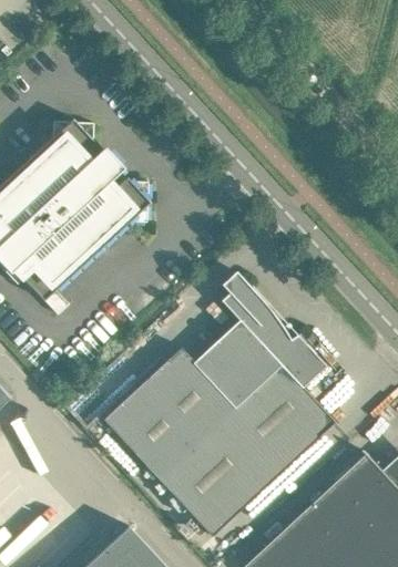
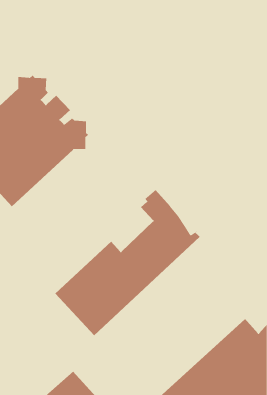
building: [157,341,335,536] -> none

